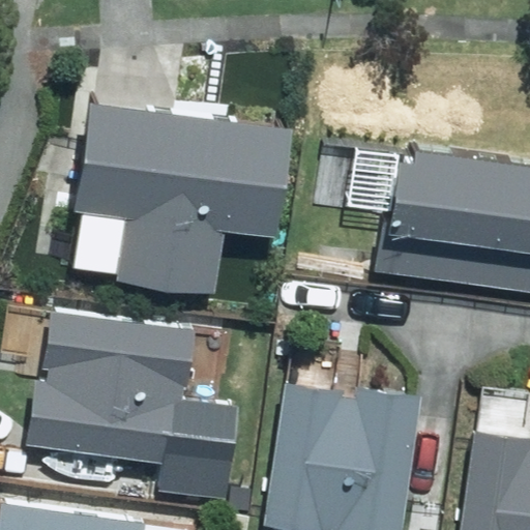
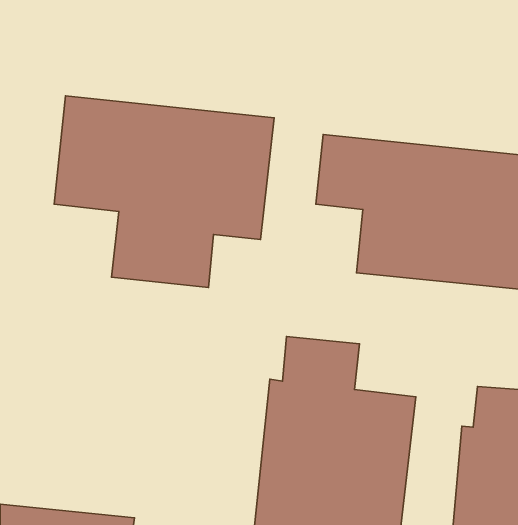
building: [29,324,192,464] -> none

